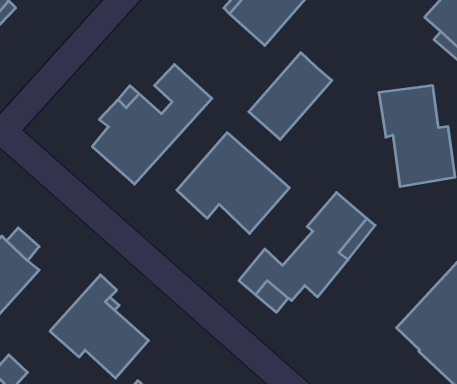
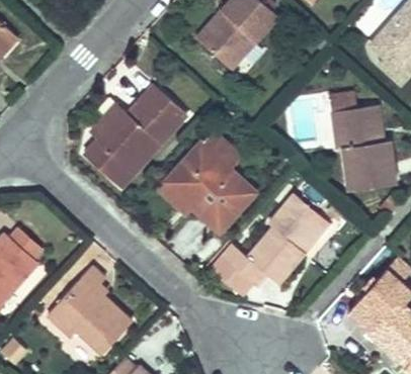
building: [249,53,332,140] -> none

